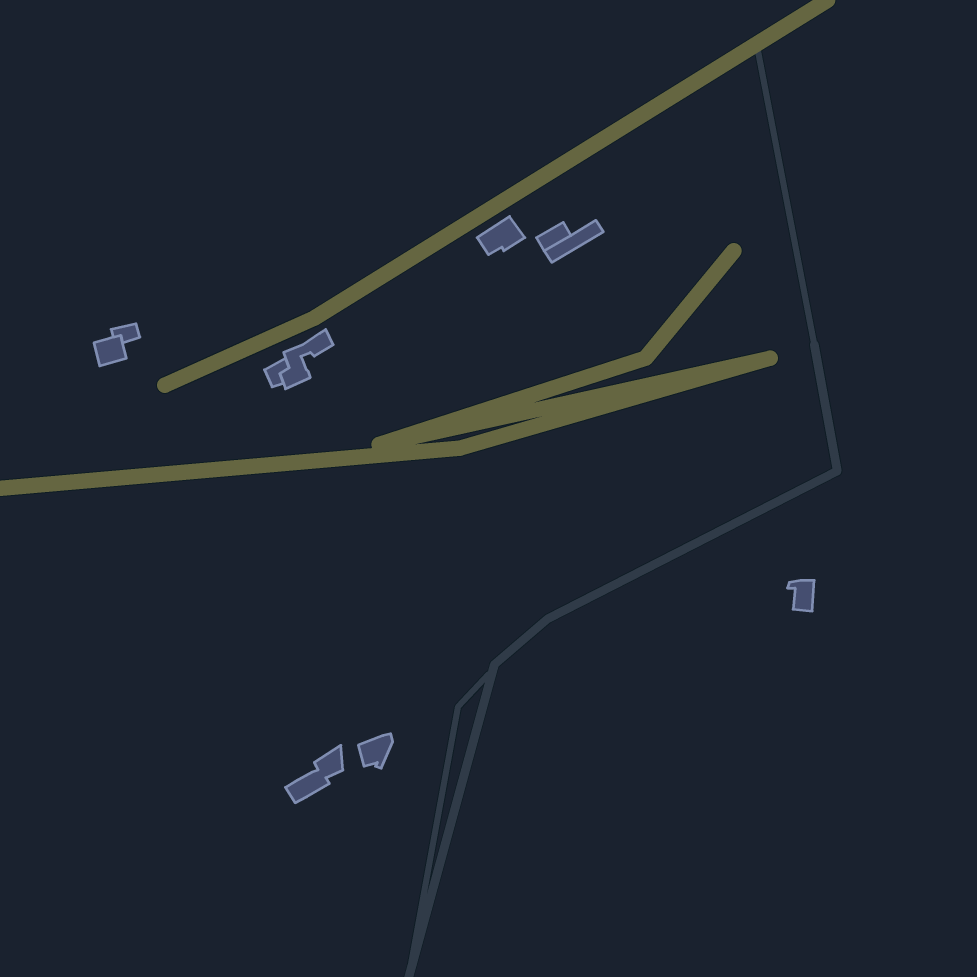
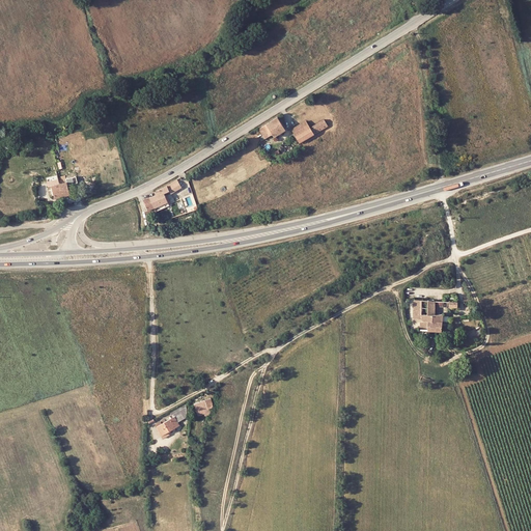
building: none -> [413,302,434,330]

